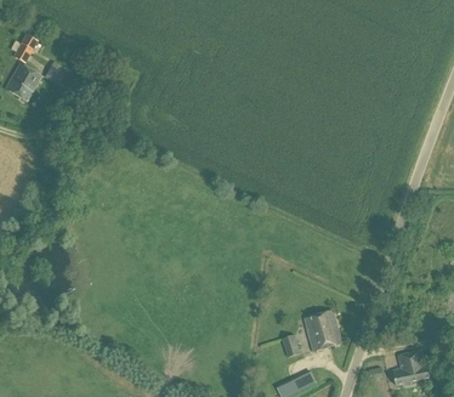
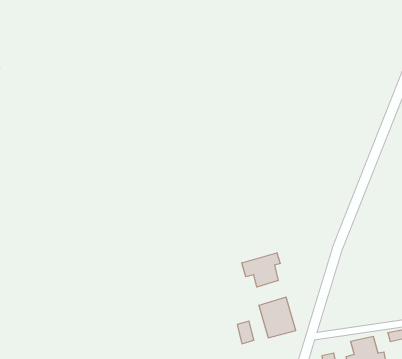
building: none -> [242,253,280,287]

